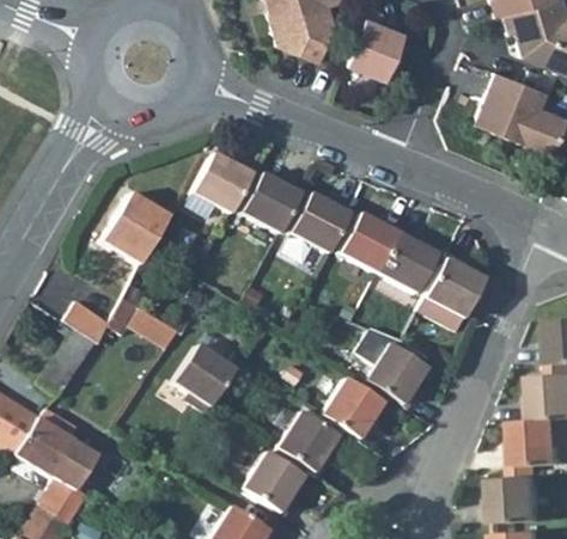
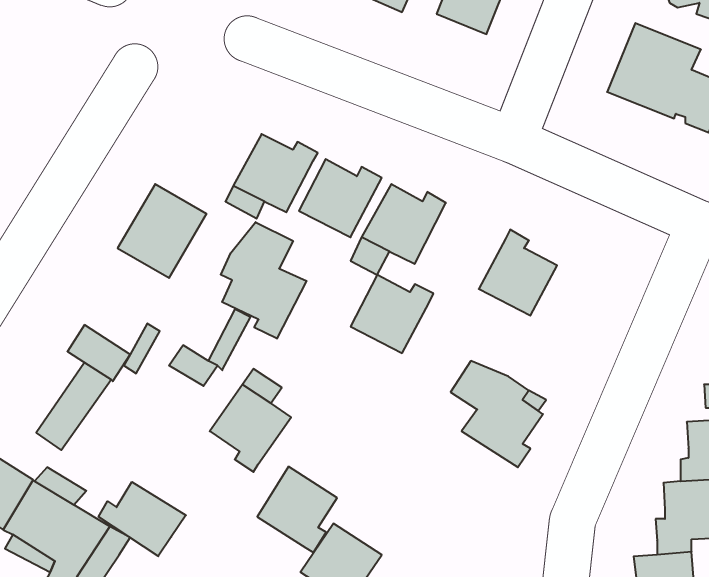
building: [339,213,402,272] -> [351,275,433,353]
building: none -> [221,222,307,339]
building: [417,251,484,330] -> none
building: [322,378,383,443] -> none
building: [276,411,337,477] -> [257,467,337,553]
building: none -> [99,482,186,556]

